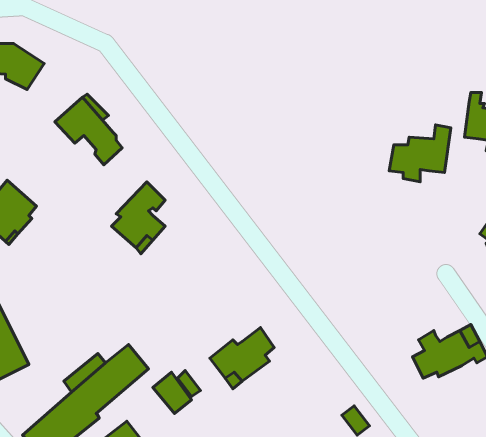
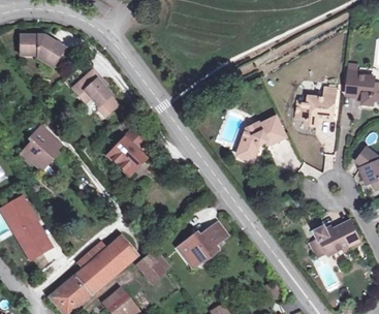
building: none -> [235,115,286,159]

